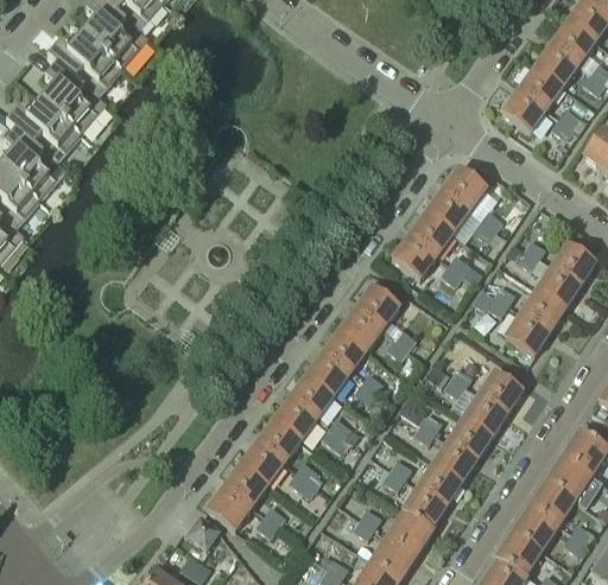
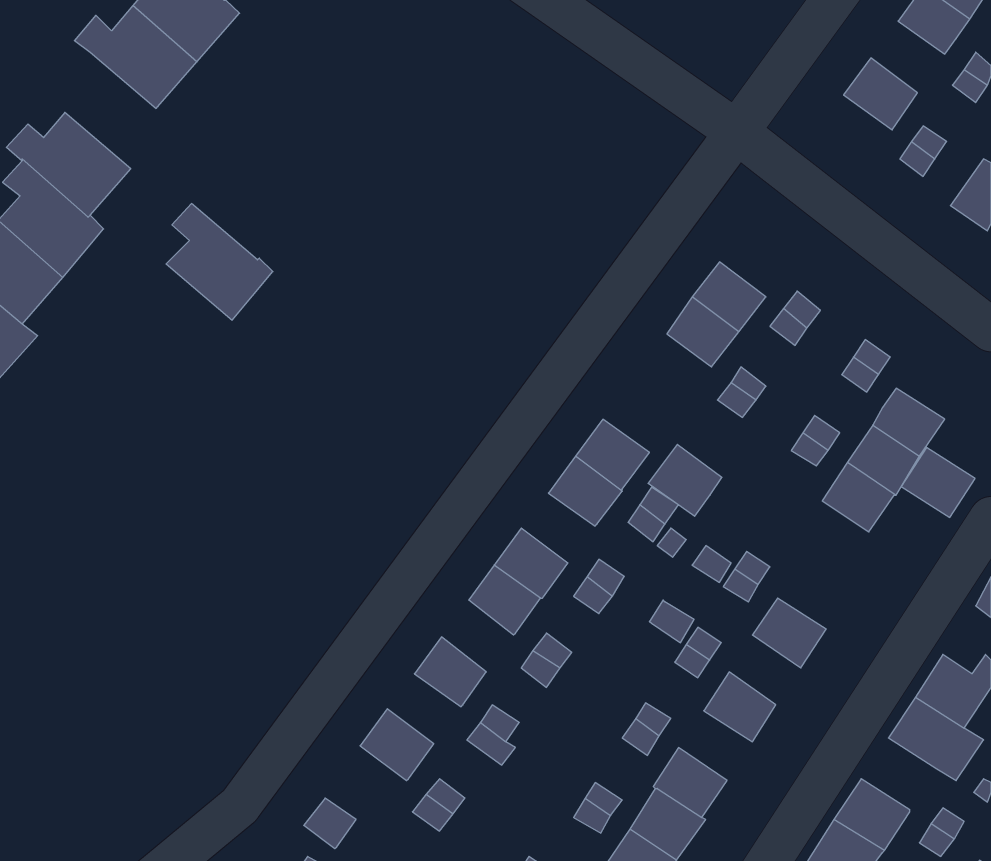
building: [533,45,578,89] -> none
building: [40,64,106,135] -> [166,204,273,320]
building: [501,90,546,134] -> none
building: [441,170,484,214] -> none
building: [391,236,436,280] -> [648,444,722,516]
building: [549,246,594,288] -> [901,448,975,517]
building: [319,333,365,376] -> none
building: [476,374,521,417] -> none
building: [271,399,315,443] -> none
building: [446,420,490,463] -> none
building: [238,444,283,487] -> none
building: [416,466,461,509] -> none
building: [527,483,574,527] -> none
building: [204,488,249,532] -> none

